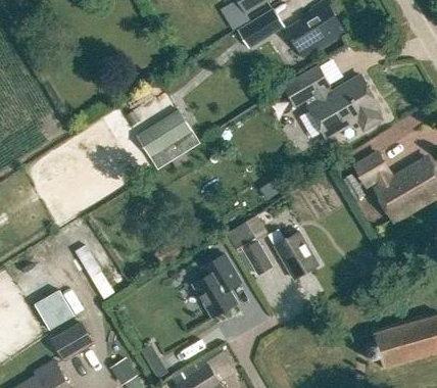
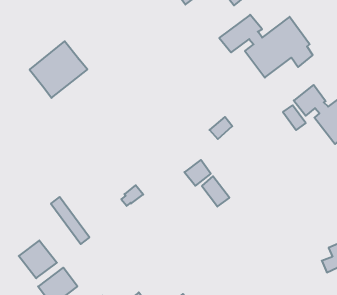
building: [137,108,200,168] -> [30,41,87,98]
building: [268,229,318,278] -> none
building: [192,253,237,318] -> none

